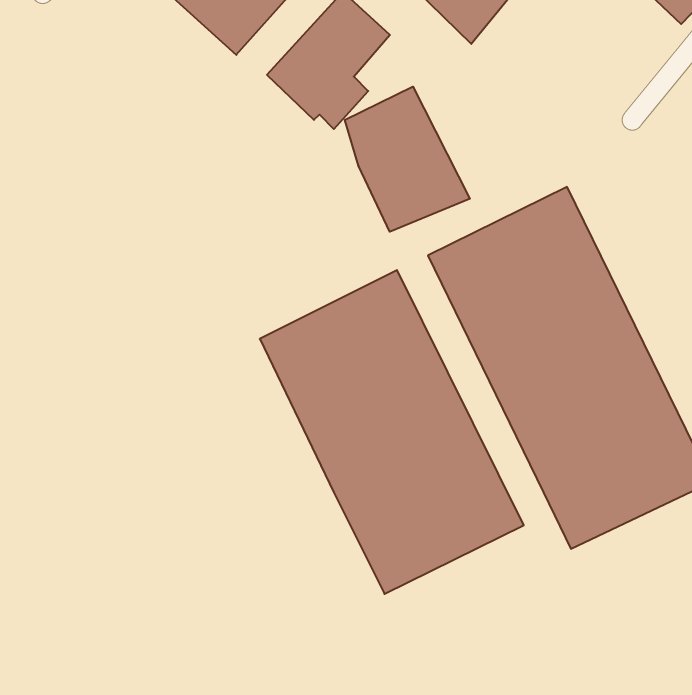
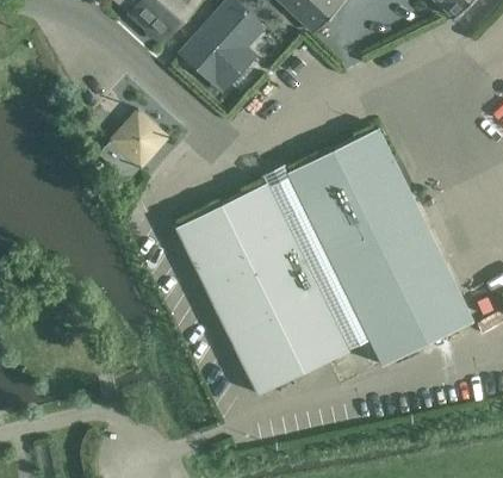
building: [345,87,470,232] -> none
building: none -> [111,111,168,168]

